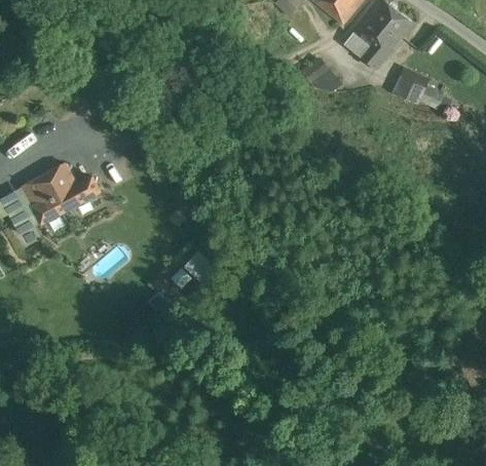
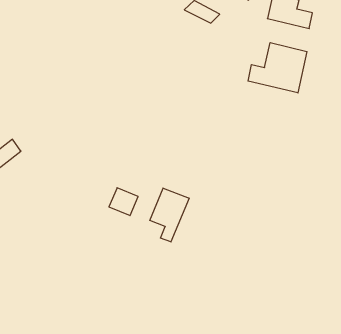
building: none -> [248,43,307,93]
building: none -> [150,188,189,242]

